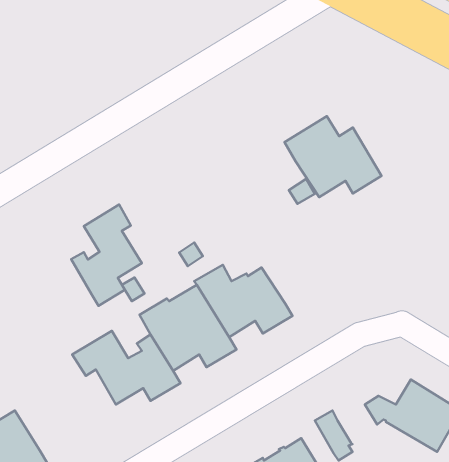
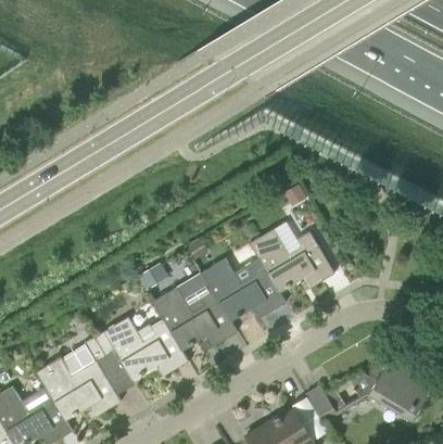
building: [284,116,382,197] -> [250,221,334,292]
building: [71,205,142,306] -> none
building: none -> [37,337,122,420]

